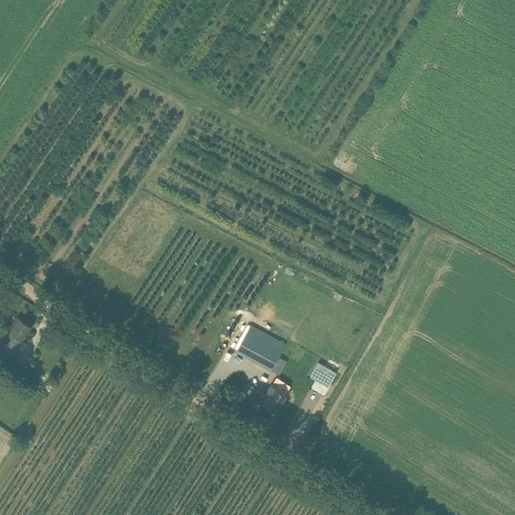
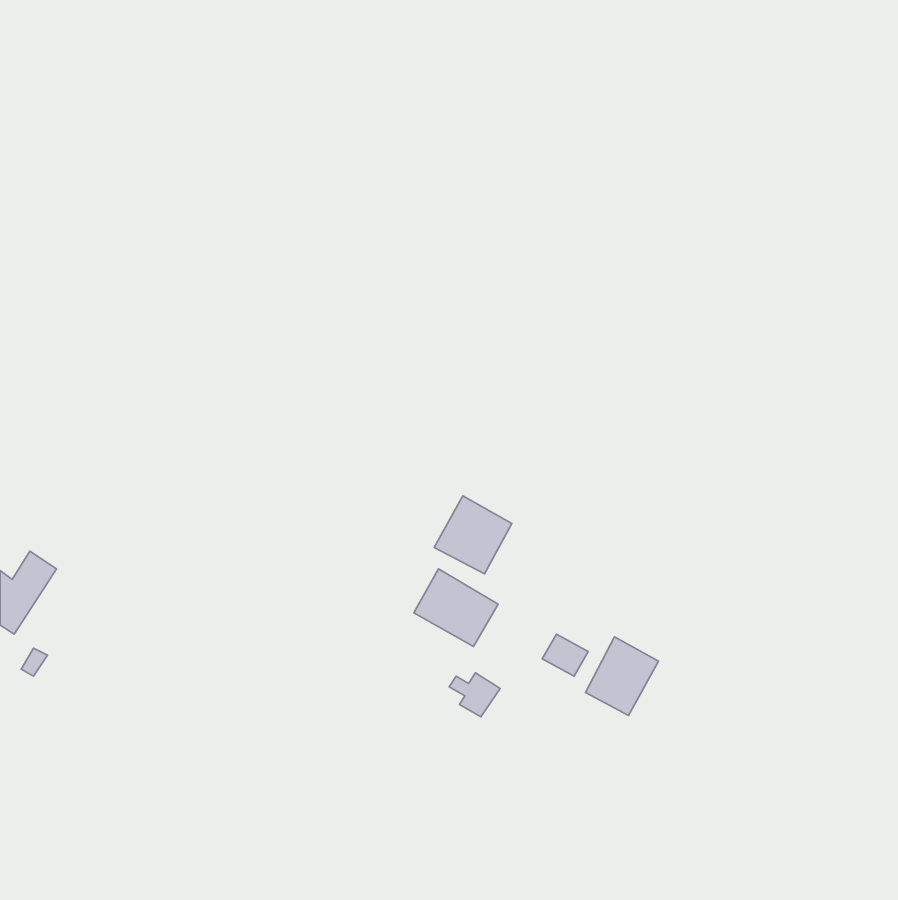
building: none -> [434,496,512,574]
building: none -> [585,637,659,716]

